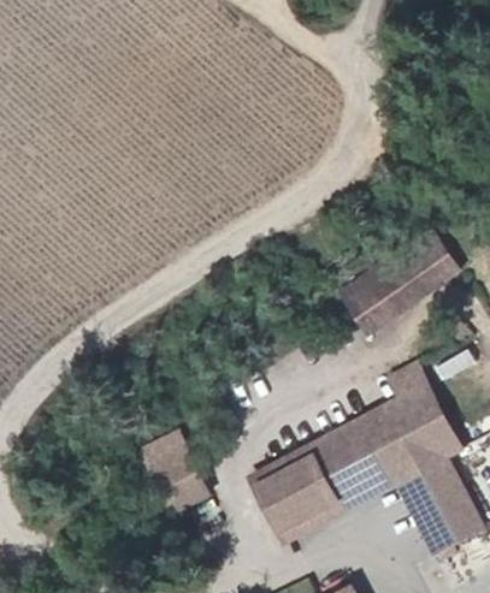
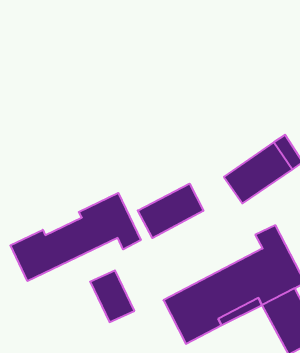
building: none -> [138,184,203,238]
building: none -> [10,193,141,281]

